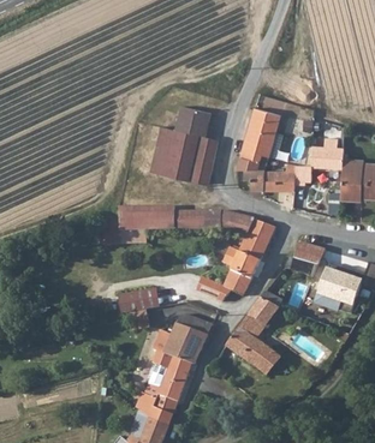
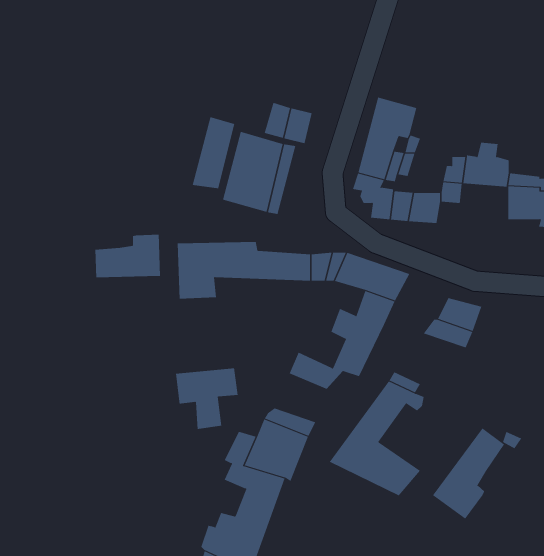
building: [188,139,216,187] -> [192,116,235,189]
building: none -> [95,234,161,278]
building: [319,270,359,304] -> none
building: none -> [432,428,505,519]

